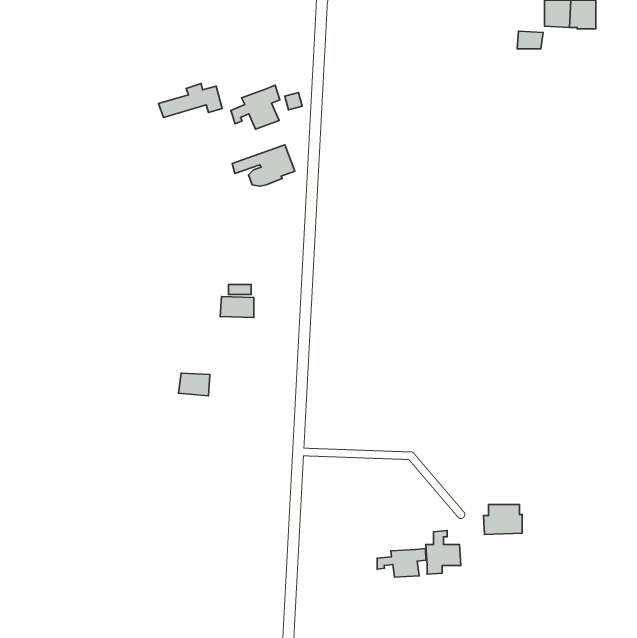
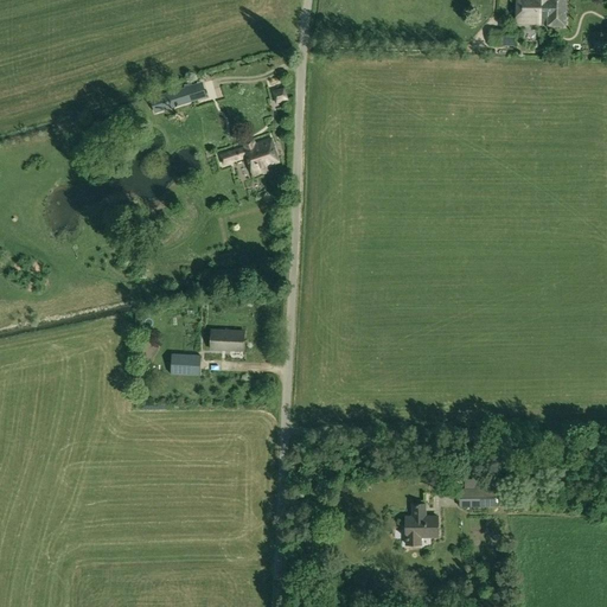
building: [231,85,280,129] -> none
building: [220,296,254,318] -> [211,331,243,351]
building: [377,548,426,577] -> none

